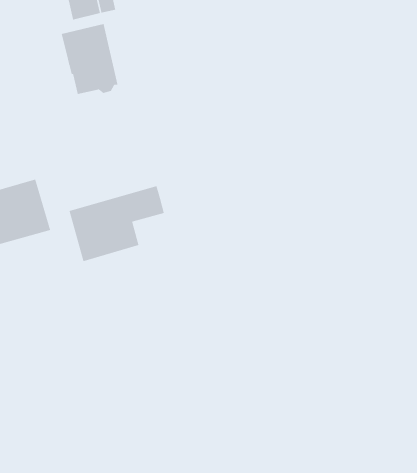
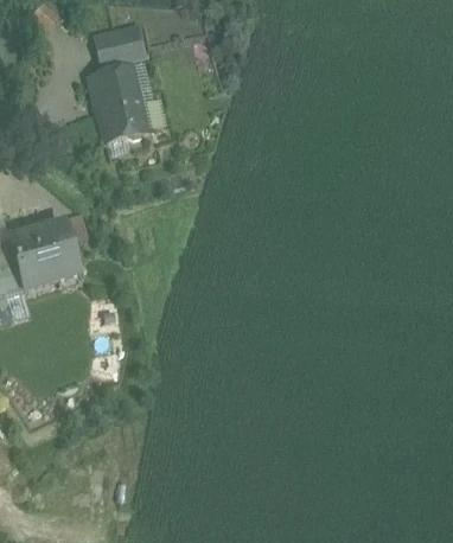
building: [69,185,165,262] -> none

